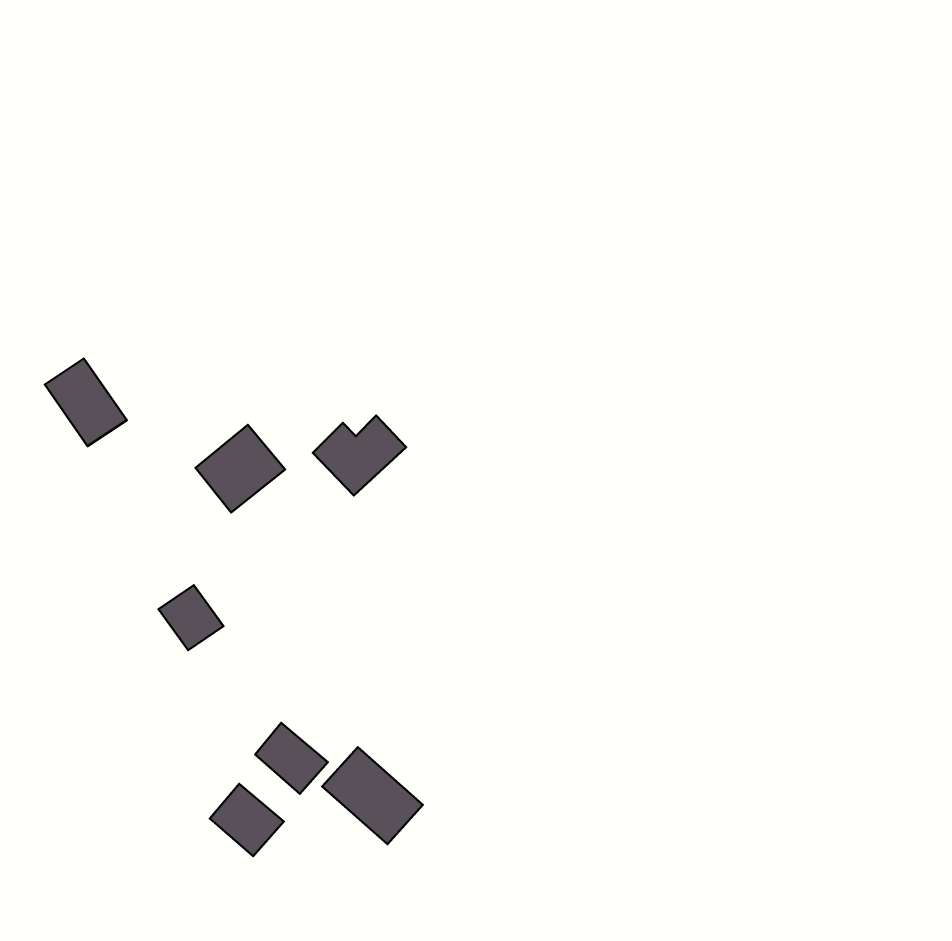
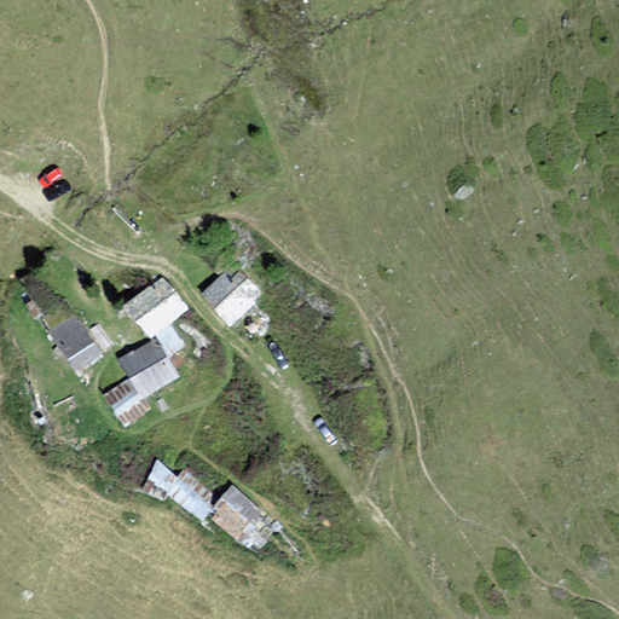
building: [45,359,127,446] -> [48,313,102,370]
building: none -> [123,342,172,393]
building: [210,784,284,856] -> none

